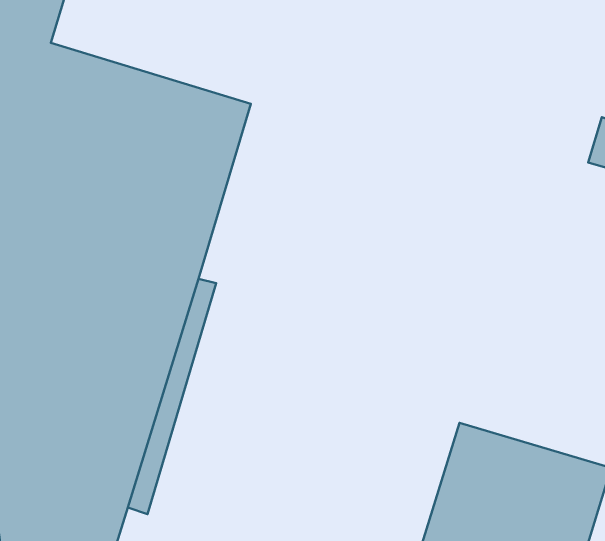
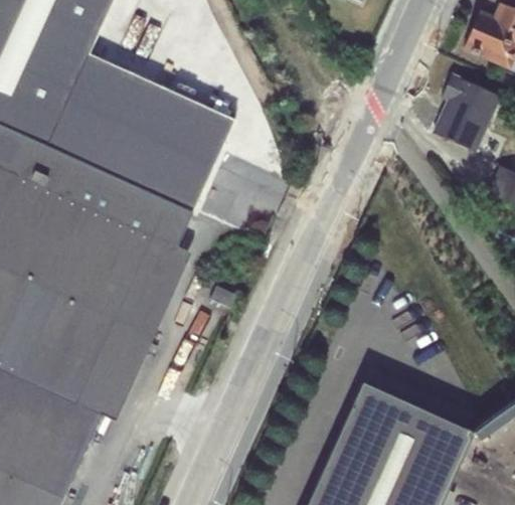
building: none -> [434,73,500,152]

